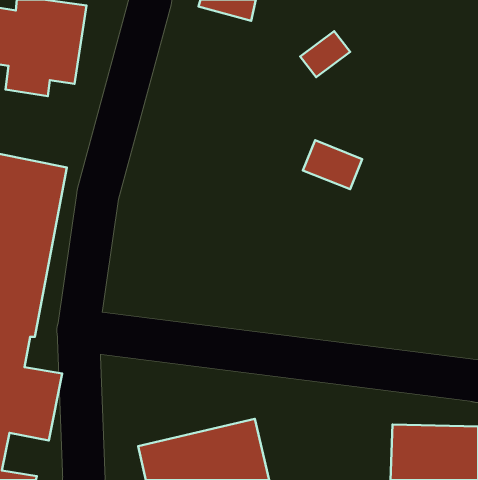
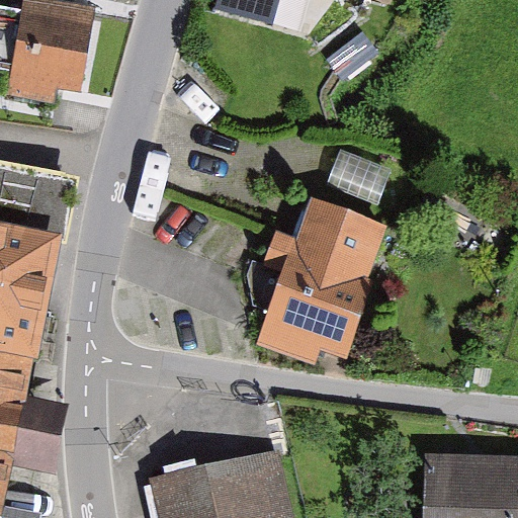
building: none -> [254,197,387,364]

